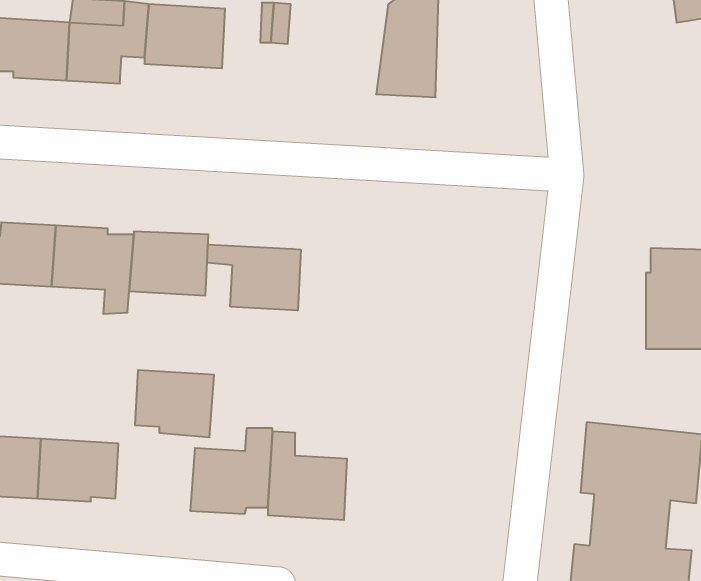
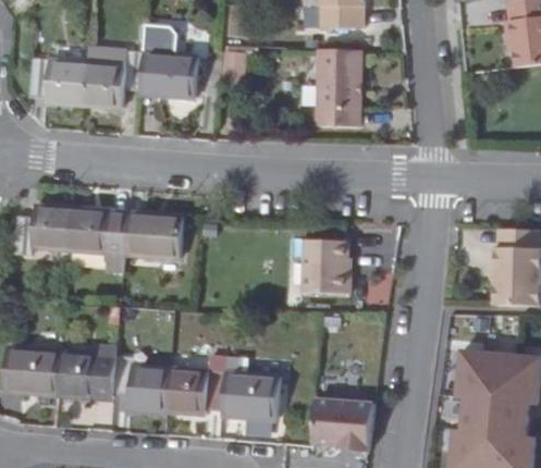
building: [207,245,301,311] -> none
building: none -> [304,234,352,281]
building: [135,370,214,437] -> [119,366,175,414]
building: none -> [316,393,379,444]

